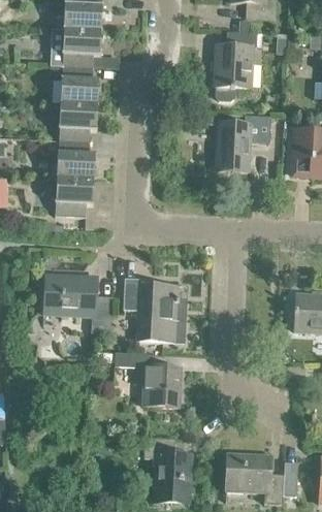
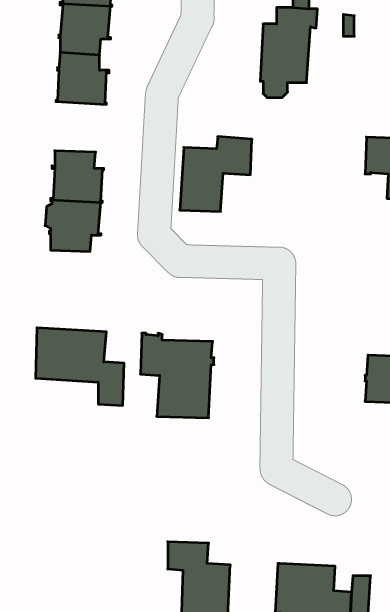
building: [57,102,97,140] -> none
building: [216,114,270,170] -> [180,137,252,211]
building: [115,352,181,407] -> none

